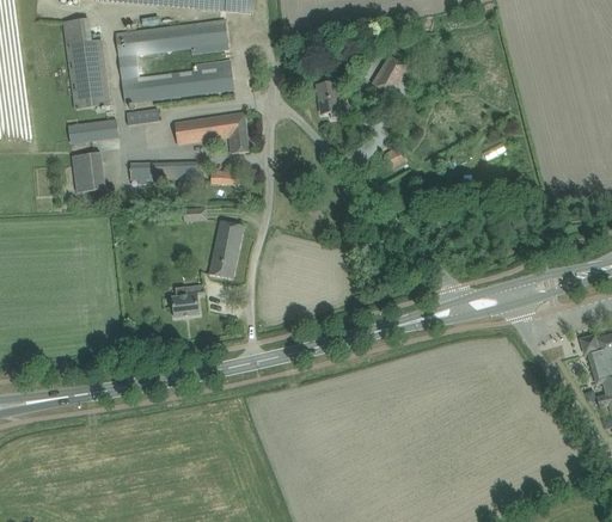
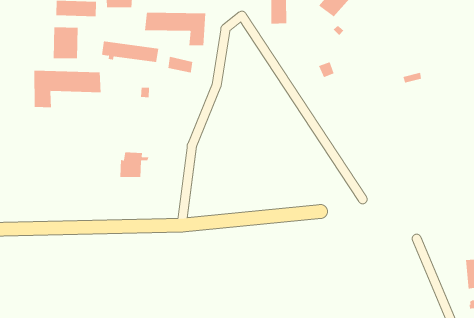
building: none -> [34,70,101,108]
building: [208,220,243,278] -> none

